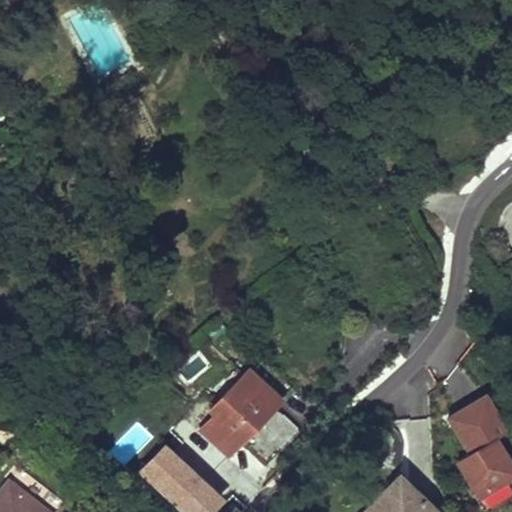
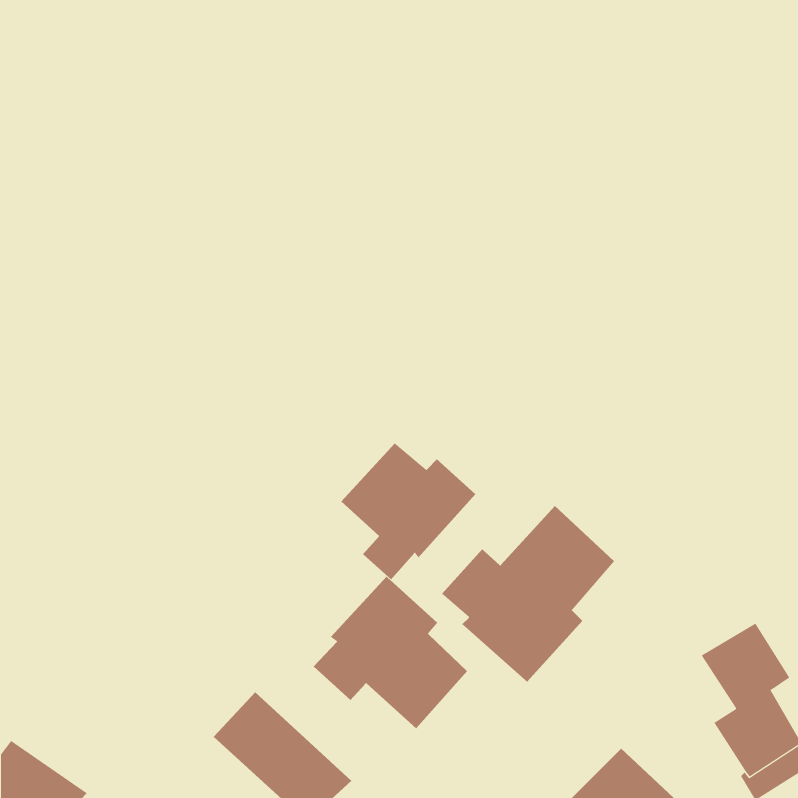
building: none -> [340,443,476,580]
building: none -> [441,505,615,683]

